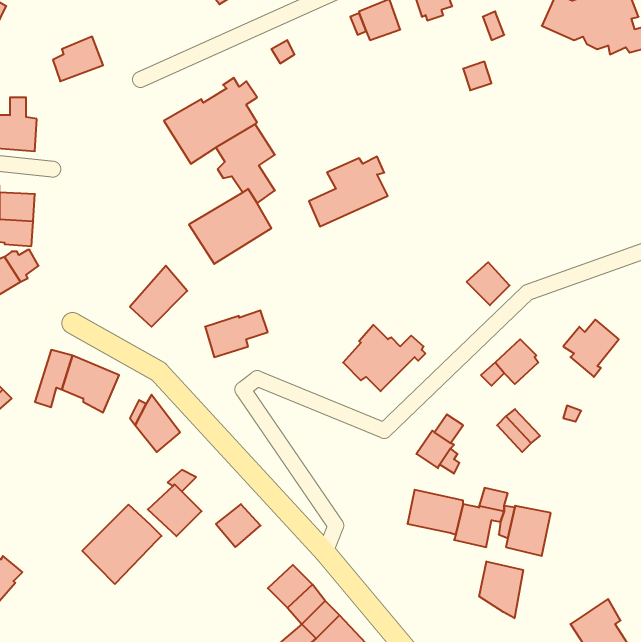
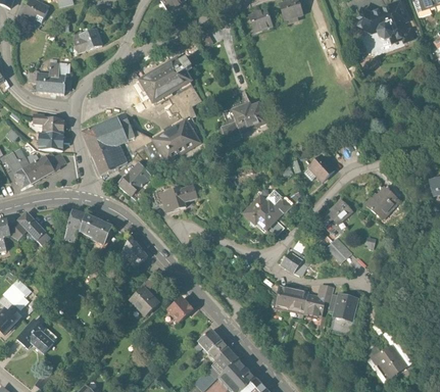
building: none -> [83,116,135,174]
building: [82,505,162,584] -> none
building: [479,561,523,618] -> none

